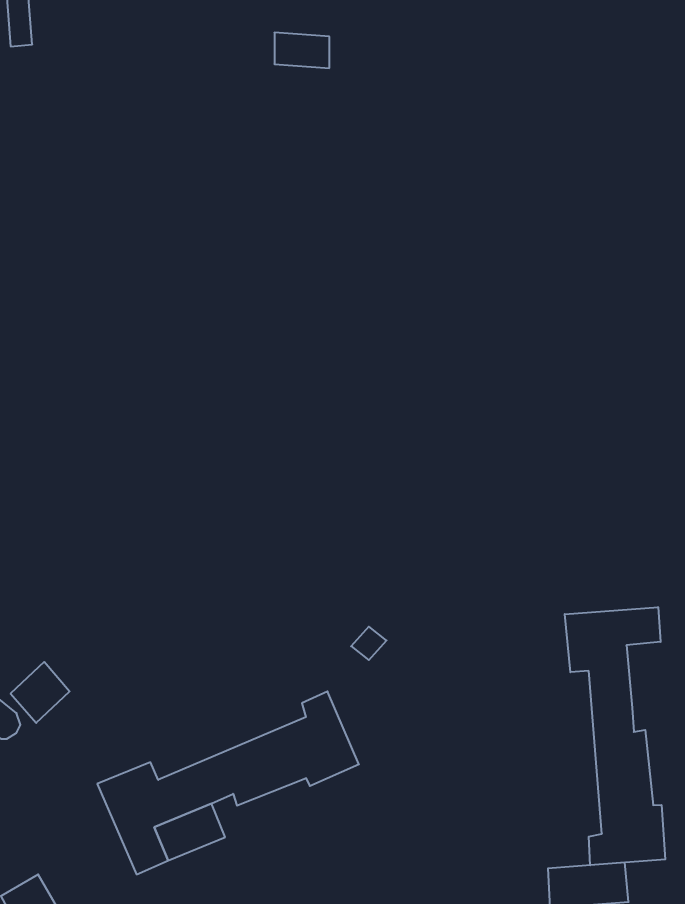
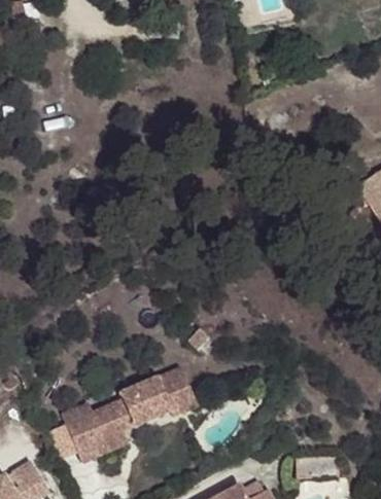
building: [565,607,665,865] -> none

